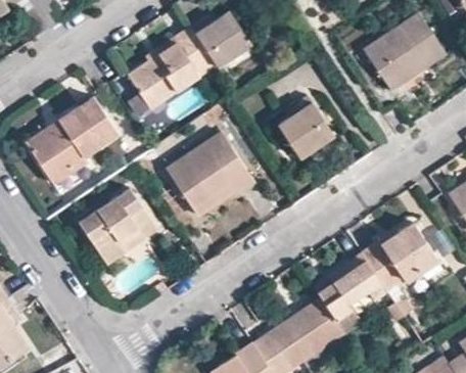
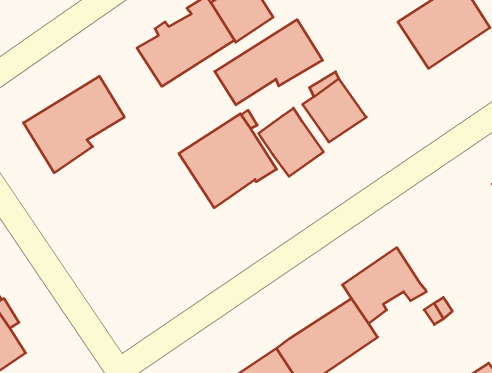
building: none -> [215,20,323,105]
building: none -> [259,108,323,176]
building: [79,188,156,264] -> none
building: [362,223,436,290] -> none

